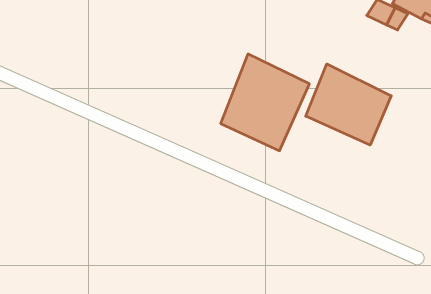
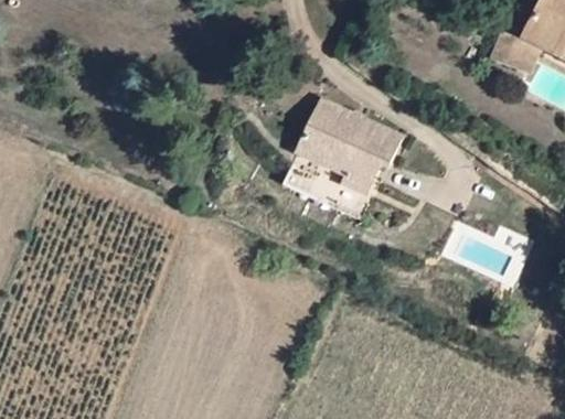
building: [306,64,391,145] -> none

